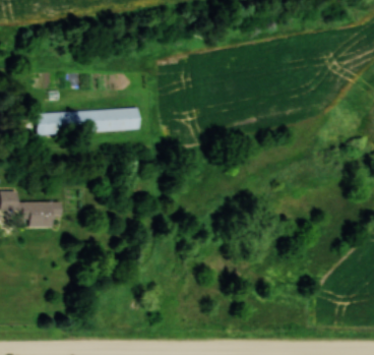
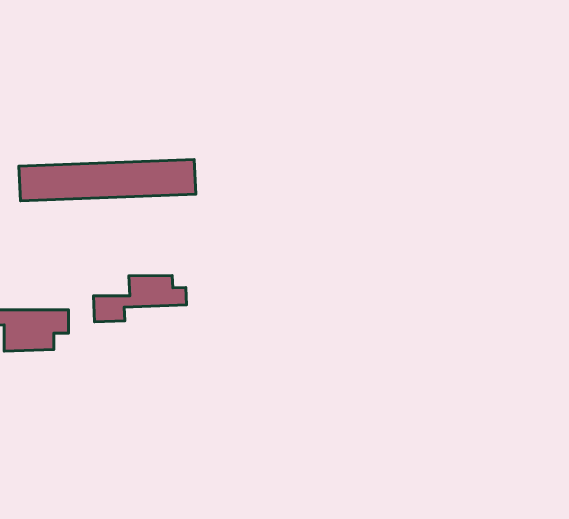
building: none -> [94,276,186,322]

